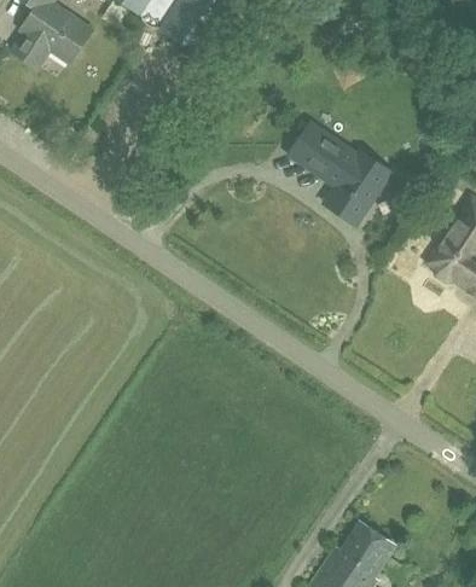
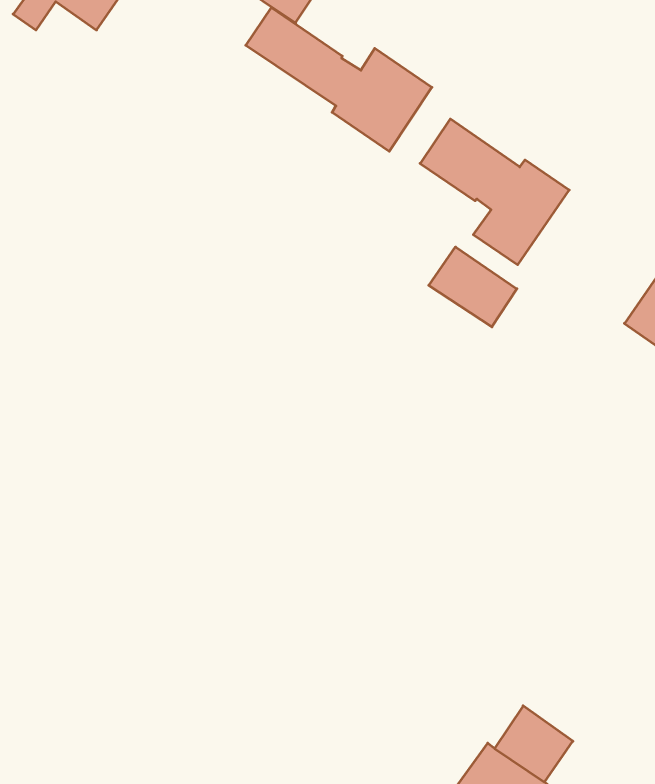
building: none -> [246,8,432,151]
building: none -> [429,247,517,327]

